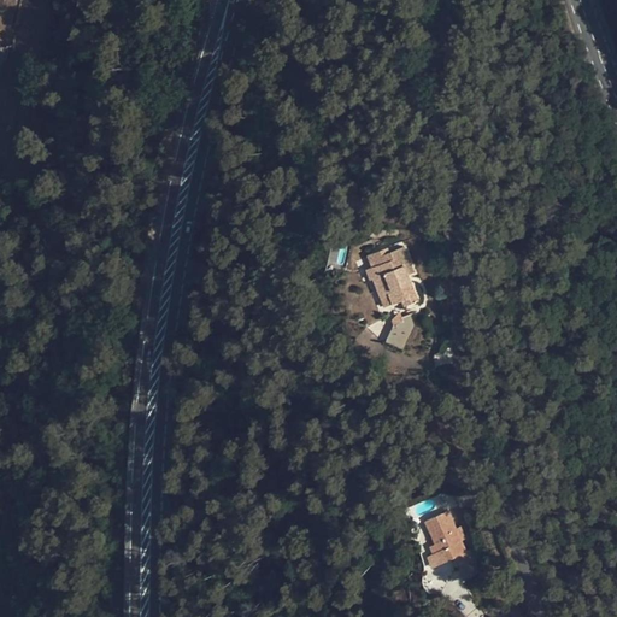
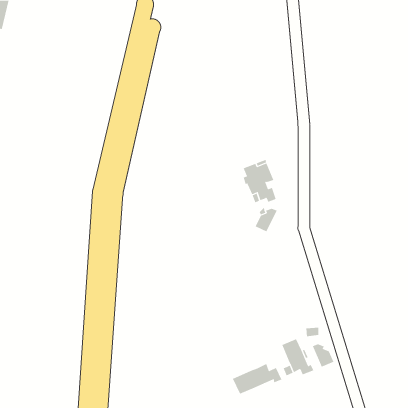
building: none -> [312,344,334,368]
building: none -> [232,363,282,395]

